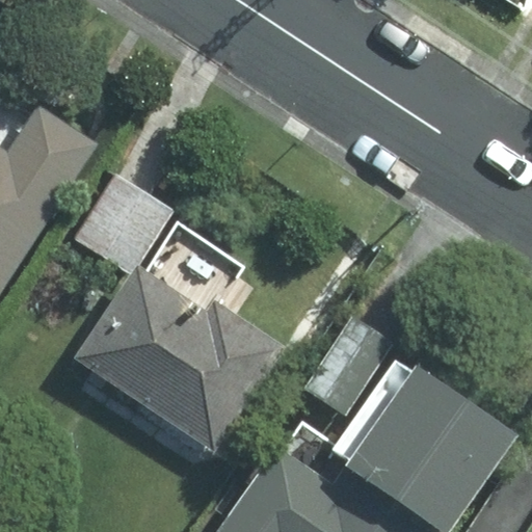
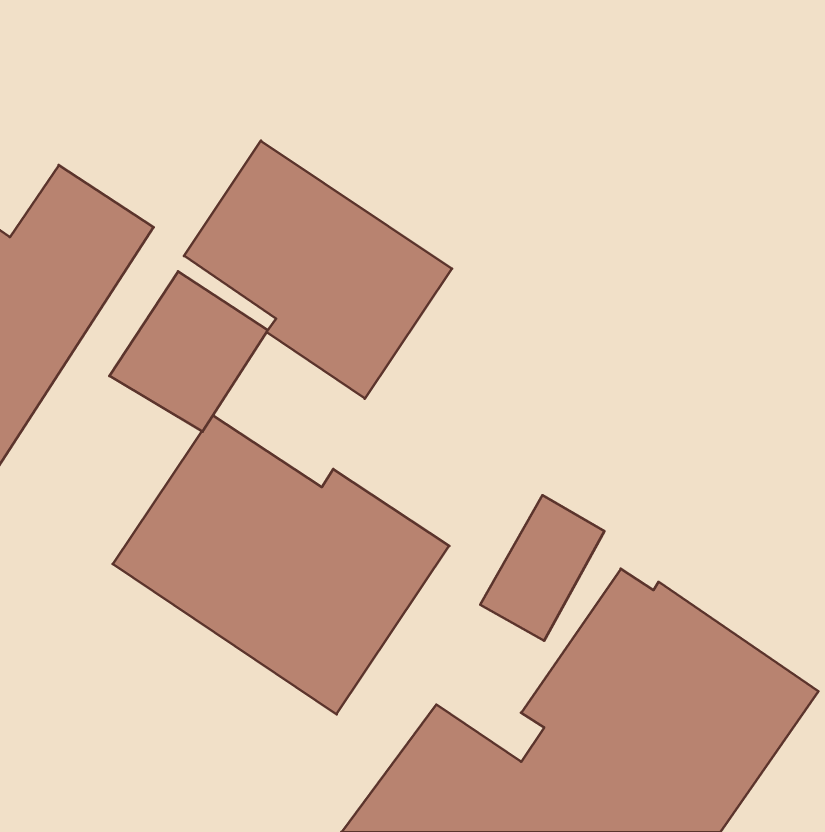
building: none -> [184,141,452,399]

